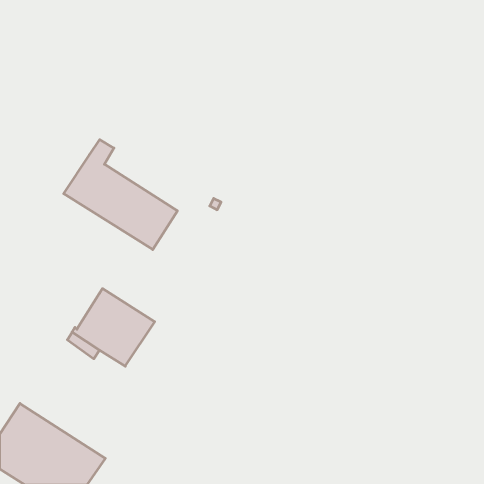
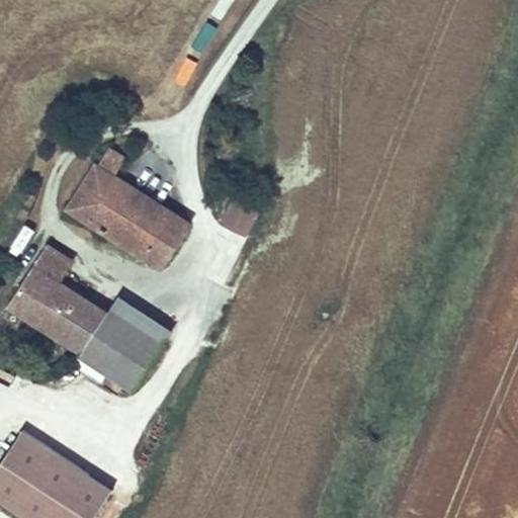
building: none -> [7,245,106,352]

